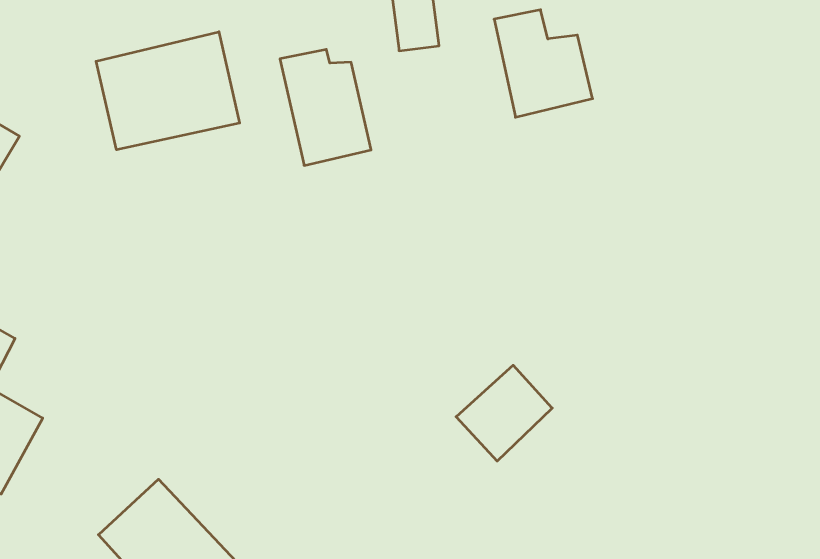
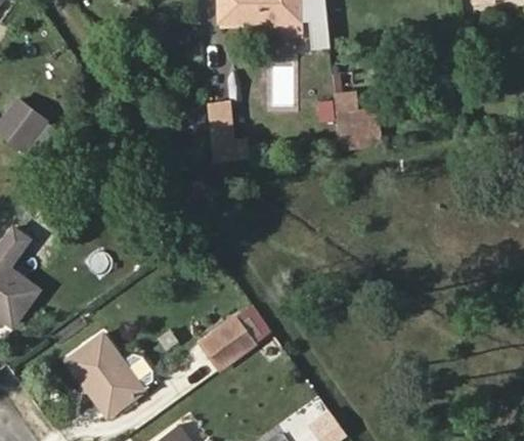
building: [96,32,240,150] -> none
building: [456,365,552,461] -> [200,315,256,369]

